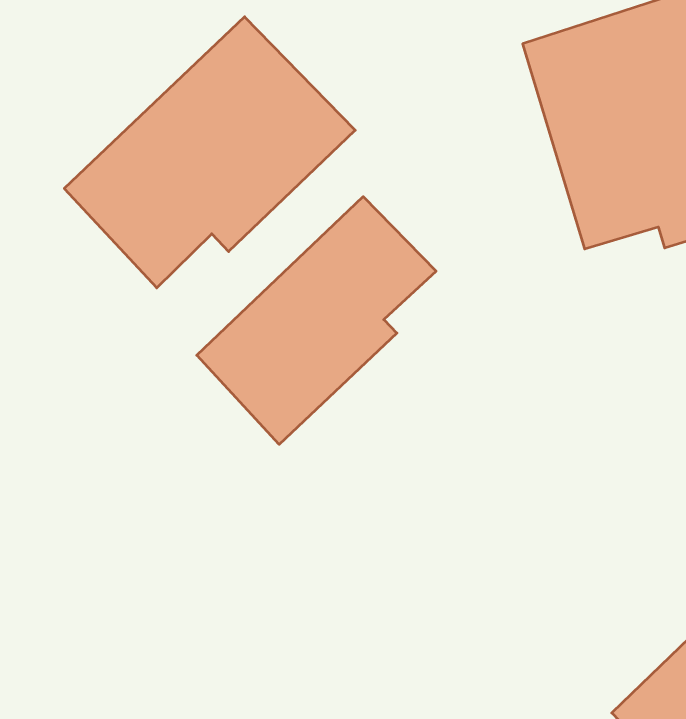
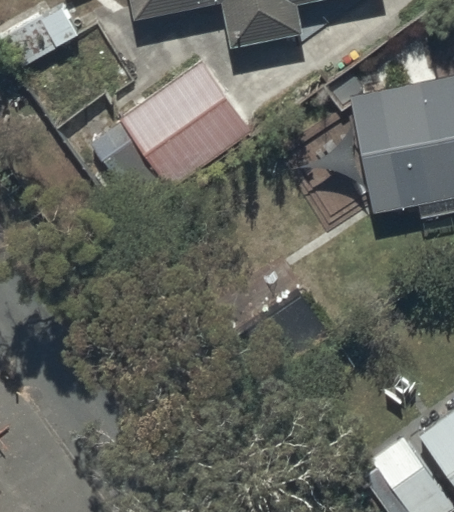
building: [197,197,436,444] -> none

